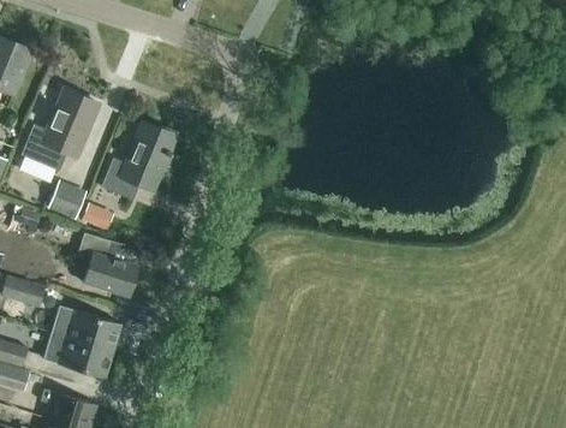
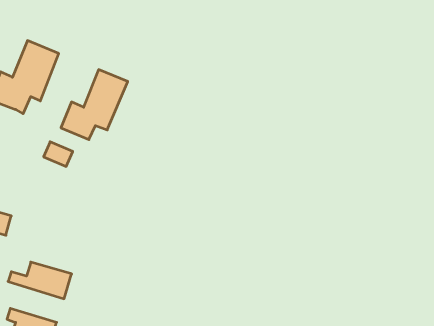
building: [47,179,87,219] -> none
building: [77,232,138,296] -> none
building: [55,304,120,350] -> none

